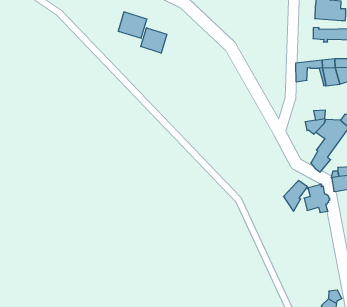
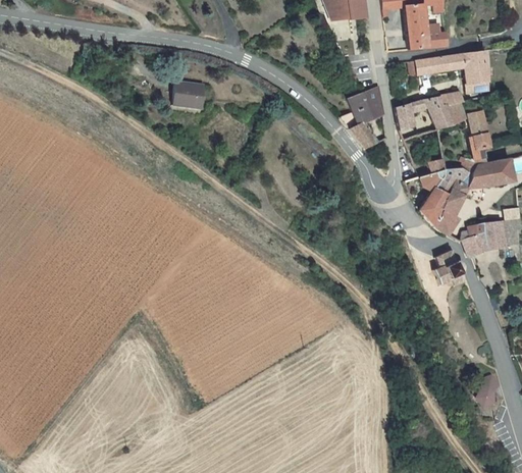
building: [141,28,167,53] -> none
building: none -> [341,87,384,149]
building: [283,180,308,211] -> [419,188,447,226]

